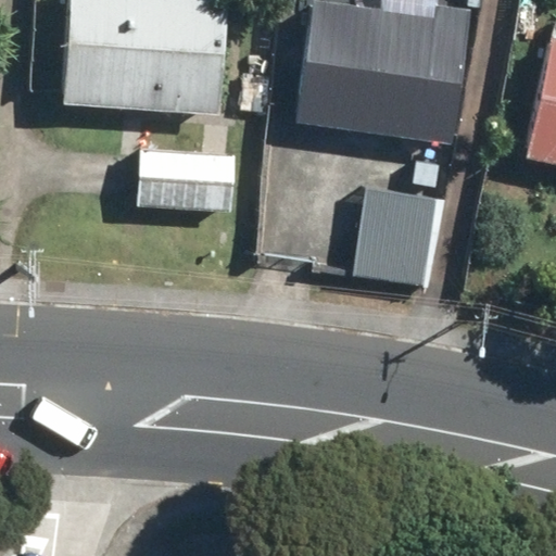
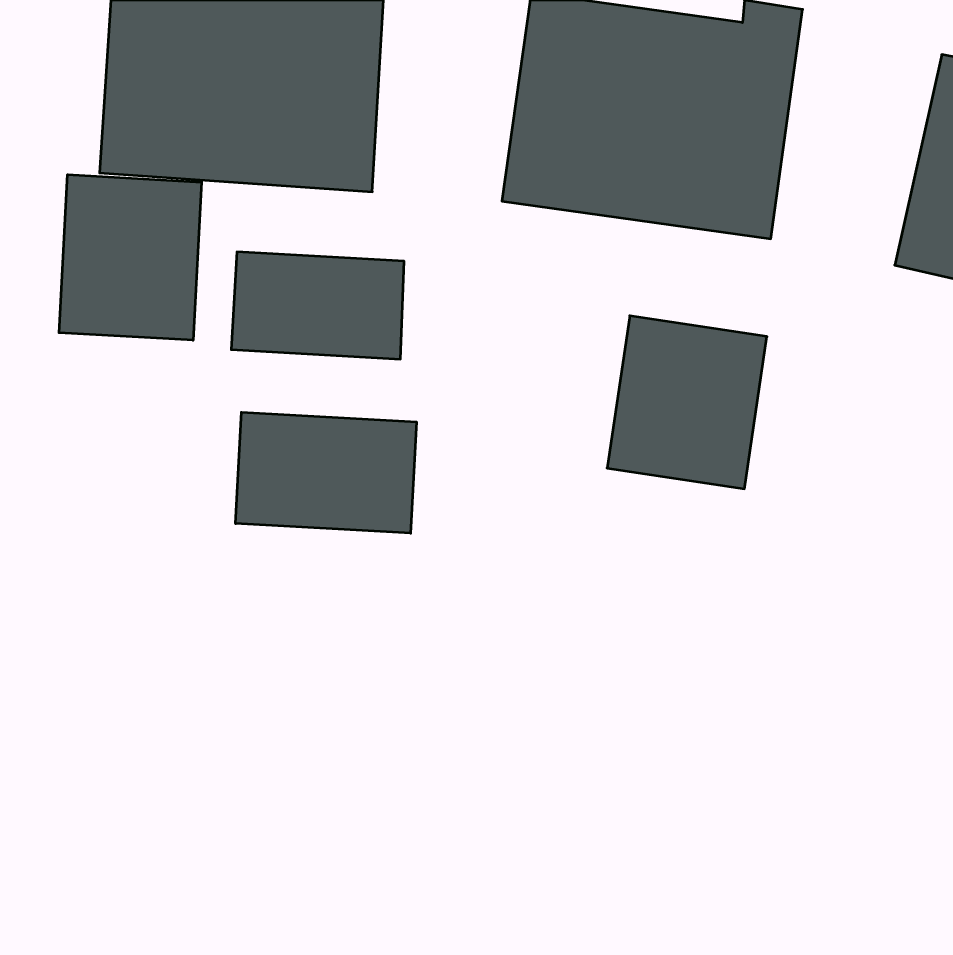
building: none -> [59,175,202,340]
building: none -> [236,412,416,533]

